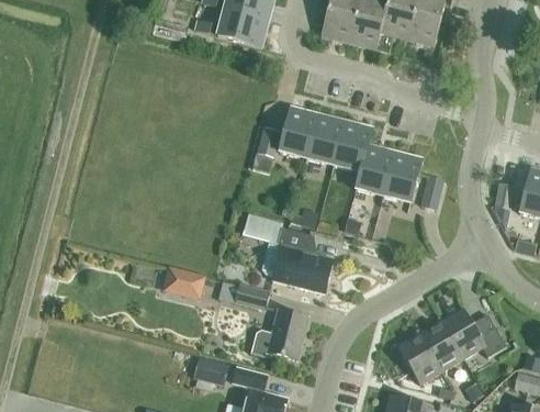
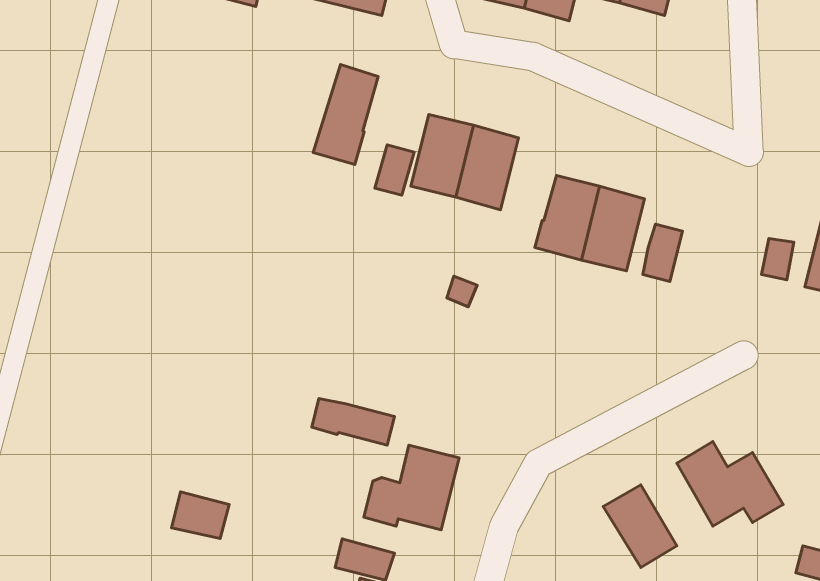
building: none -> [313,64,378,164]
building: [334,121,372,171] -> none
building: [243,212,333,292] -> none
building: [162,266,205,300] -> none
building: [419,320,463,370] -> none
building: [194,356,229,385] -> [171,492,229,539]

